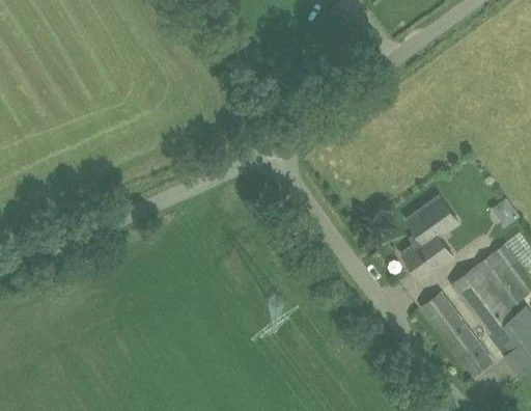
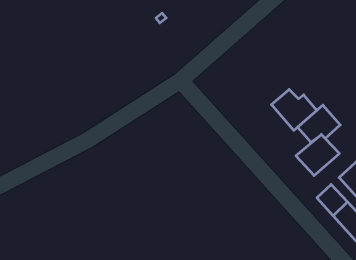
building: none -> [271,89,317,130]

